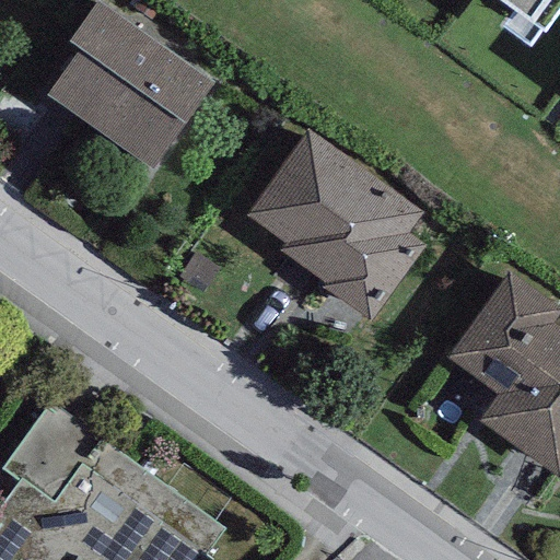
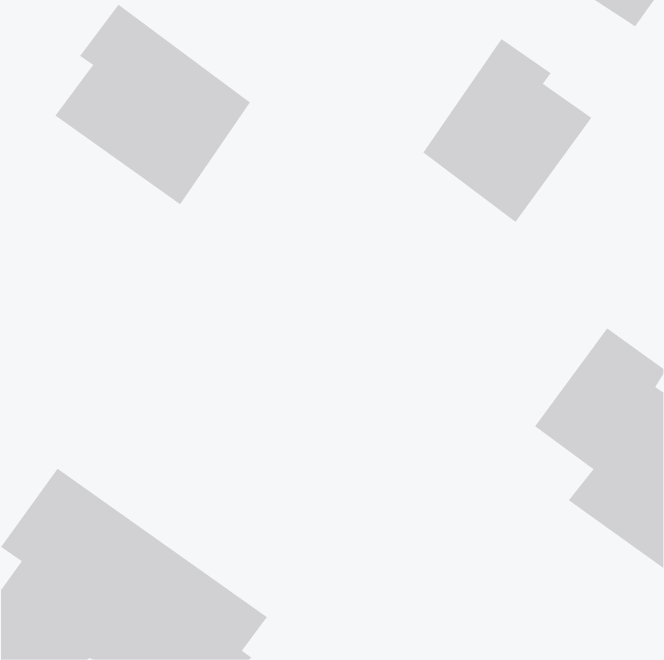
building: none -> [422,38,592,223]
building: [246,130,424,319] -> none

